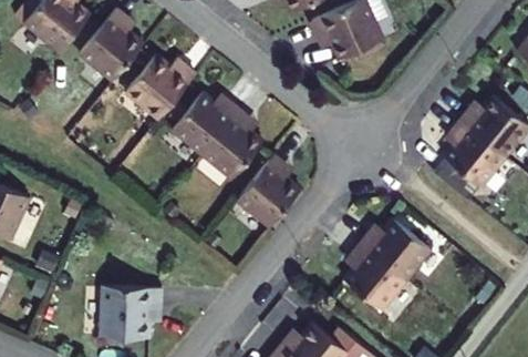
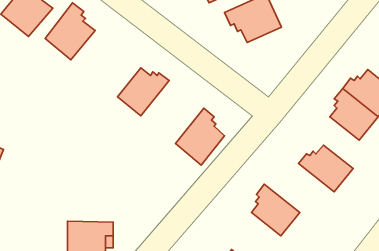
building: [125,53,195,118] -> none
building: [201,108,262,177] -> none
building: [360,217,429,277] -> [299,145,353,192]

